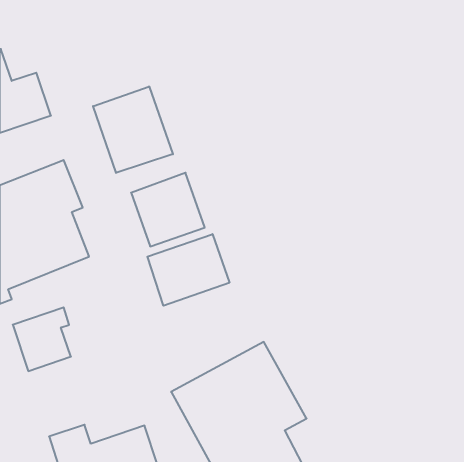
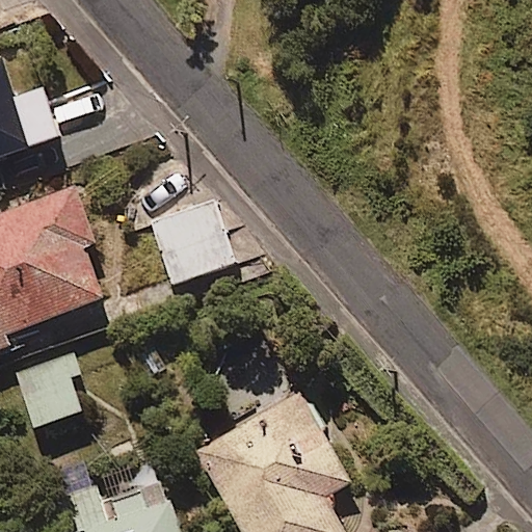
building: [93,86,173,173] -> none
building: [147,234,229,306] -> none

